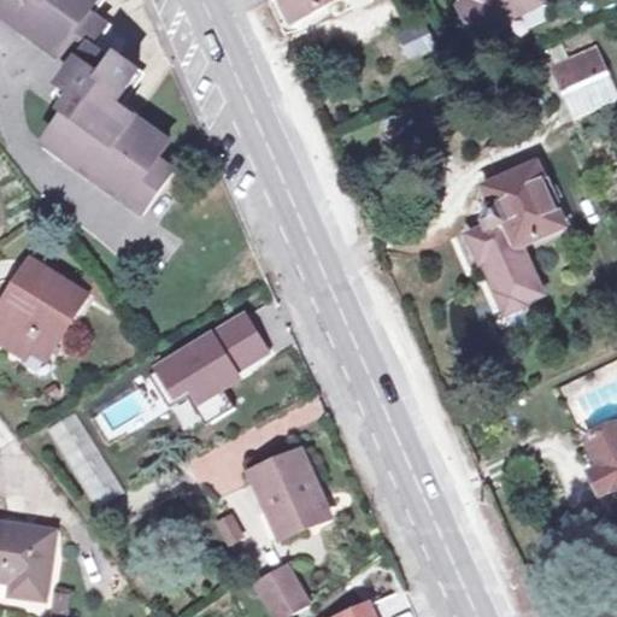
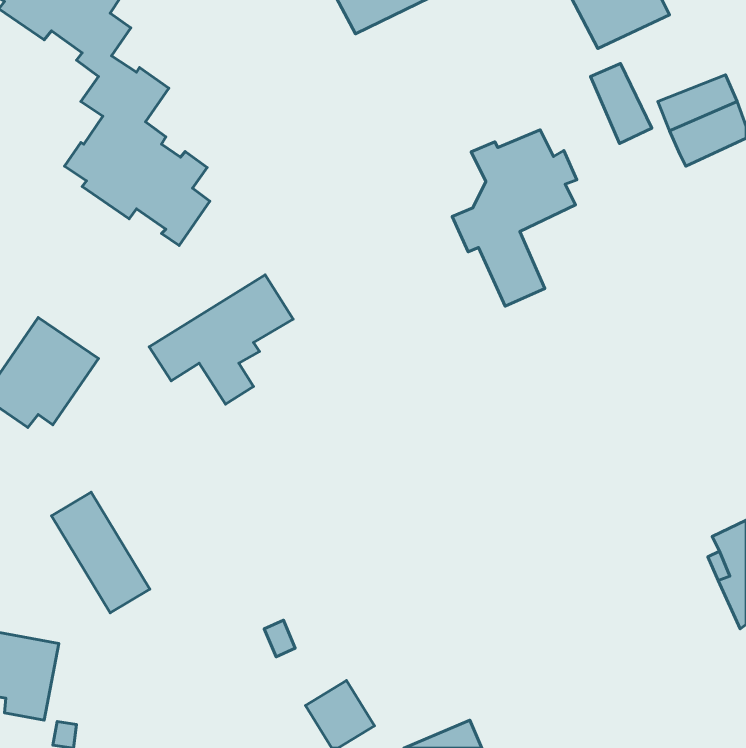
building: none -> [590,64,652,143]
building: [466,176,569,321] -> [452,130,577,306]
building: [147,310,265,416] -> [149,275,293,404]
building: [253,452,325,535] -> none

